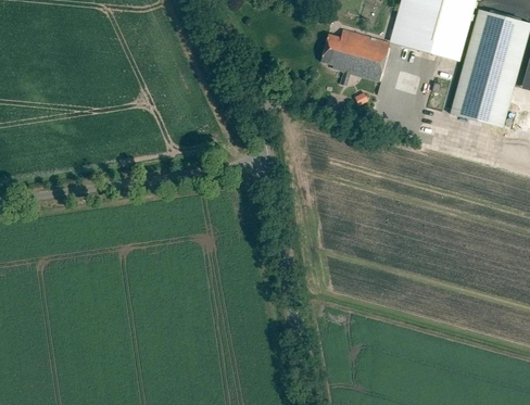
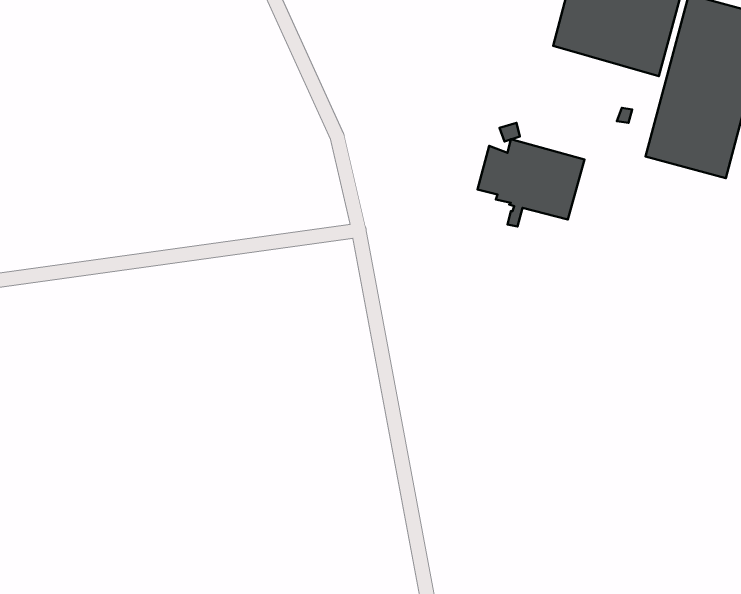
building: [321,29,391,86] -> [477,139,585,226]

